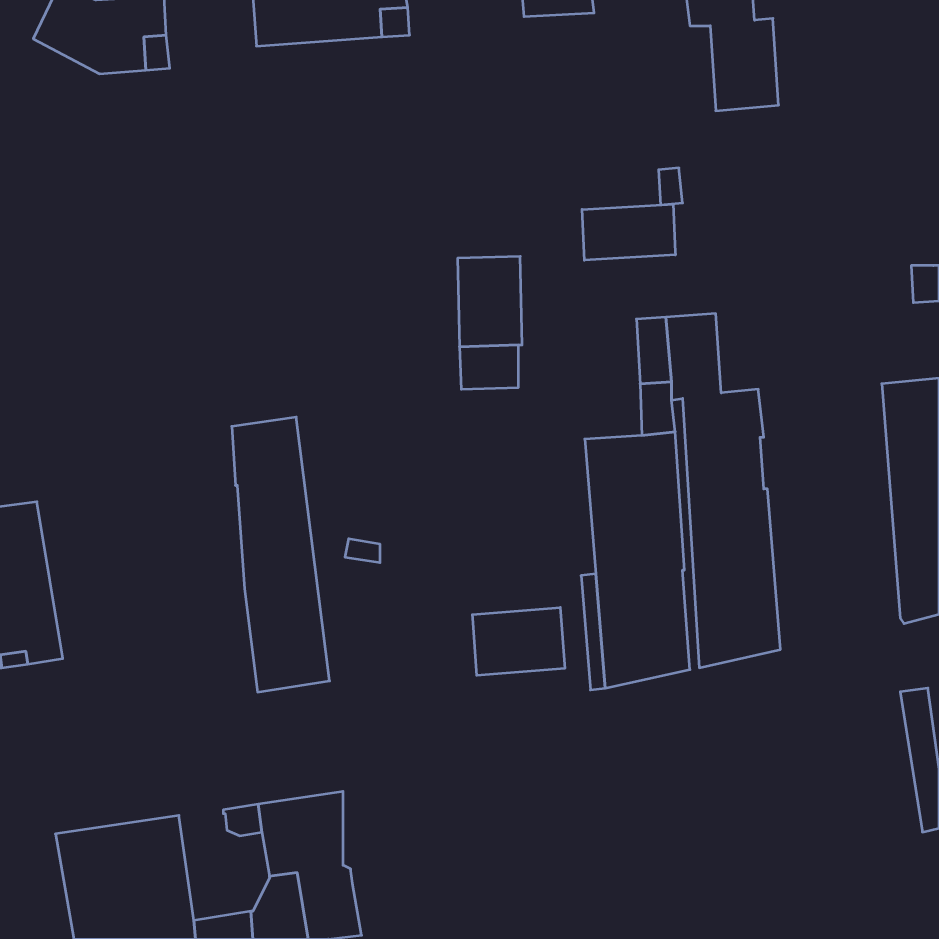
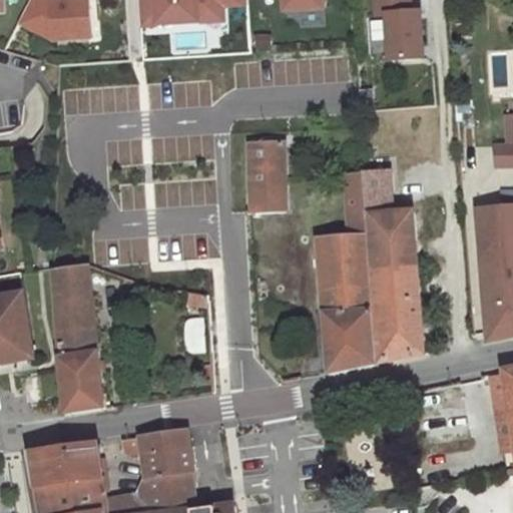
building: [582,204,675,260] -> none
building: [232,417,330,692] -> [52,264,105,413]
building: [472,607,565,675] -> none

